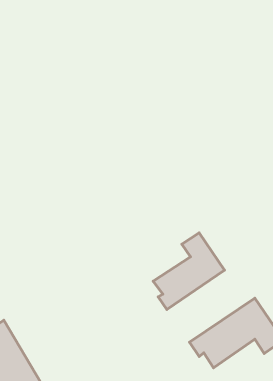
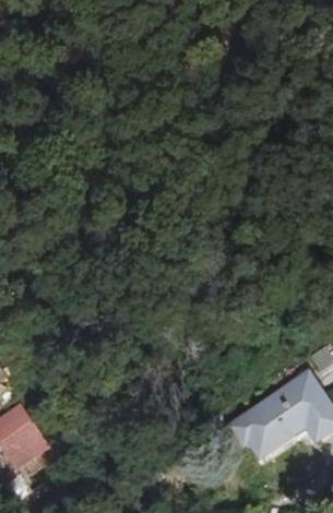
building: [153,233,225,309] -> none

